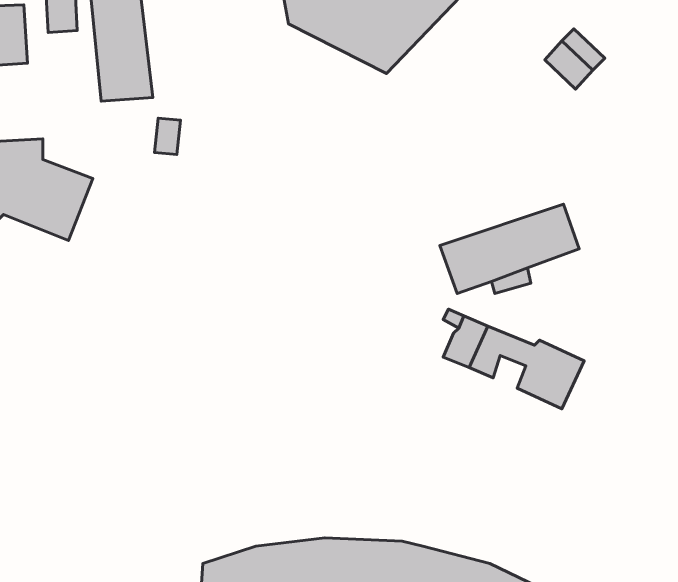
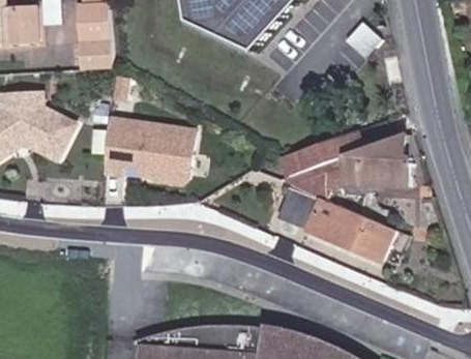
building: none -> [105,116,195,174]
building: none -> [346,141,418,187]
building: none -> [356,221,395,263]

